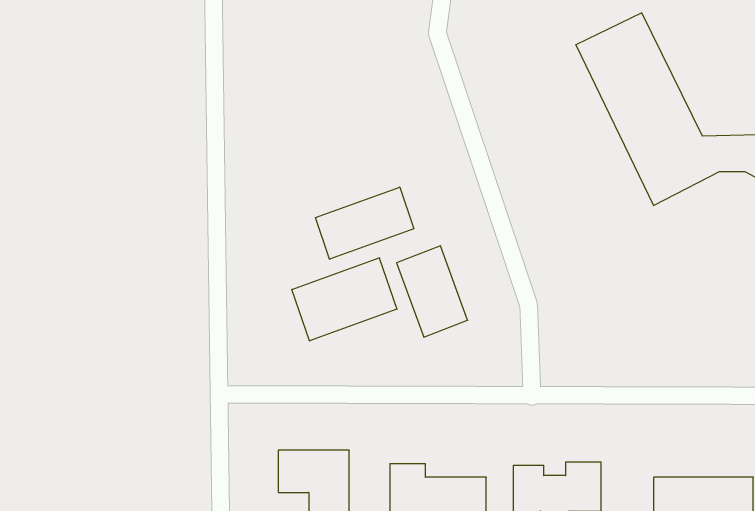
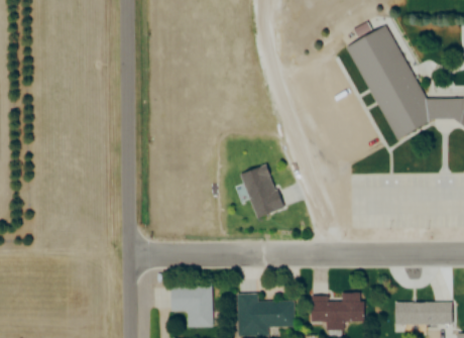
building: [316,187,414,259] -> none
building: [292,258,397,341] -> none

